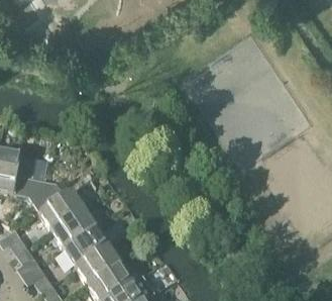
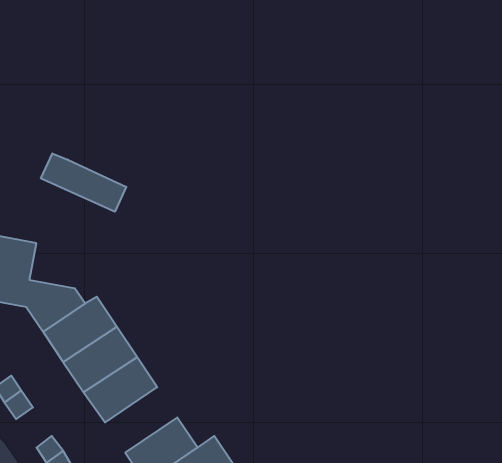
building: none -> [41,153,126,212]
building: [76,243,119,283] -> none

